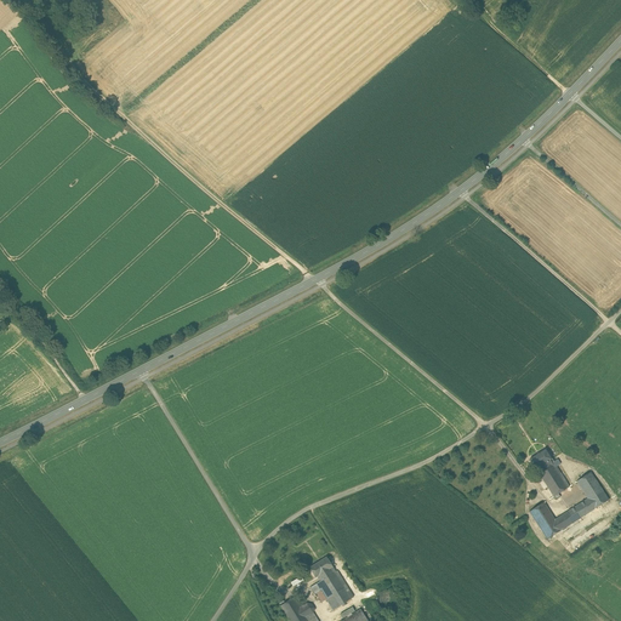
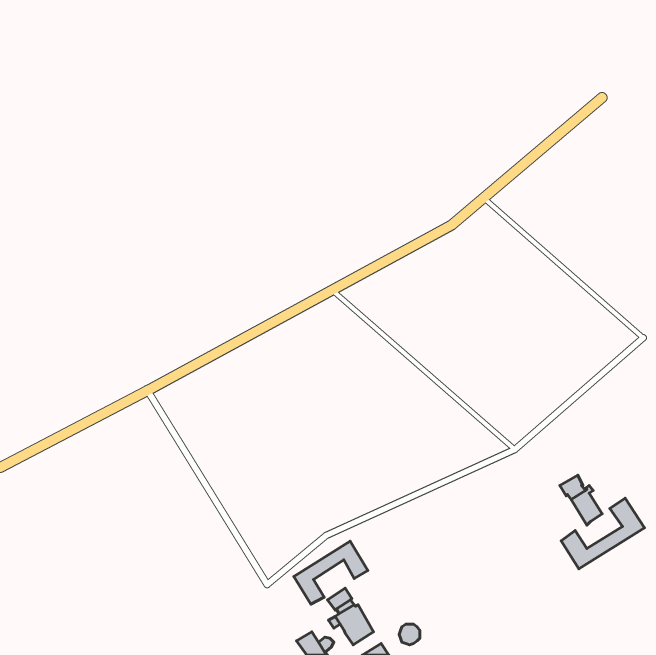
building: none -> [294,541,368,604]

